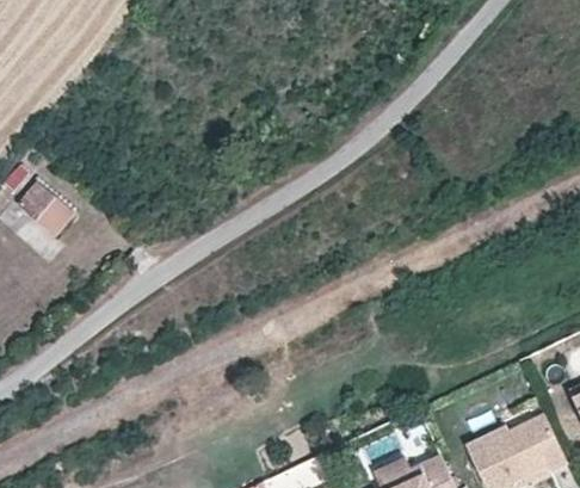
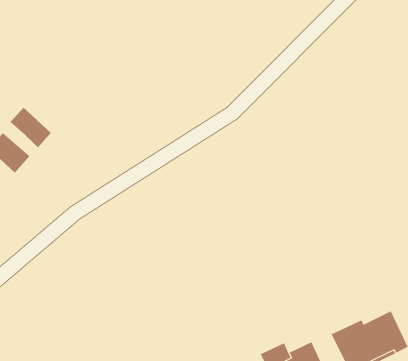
building: none -> [10,107,51,148]

